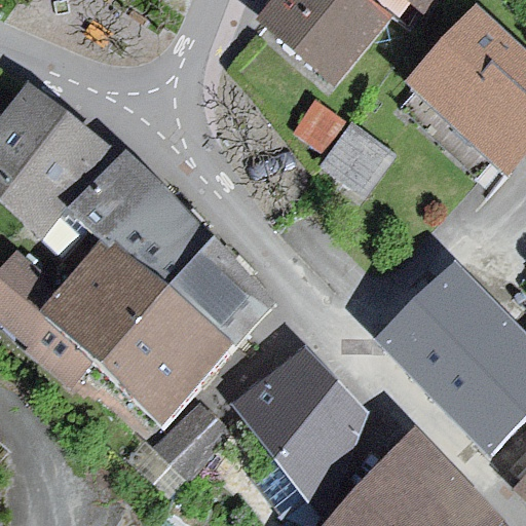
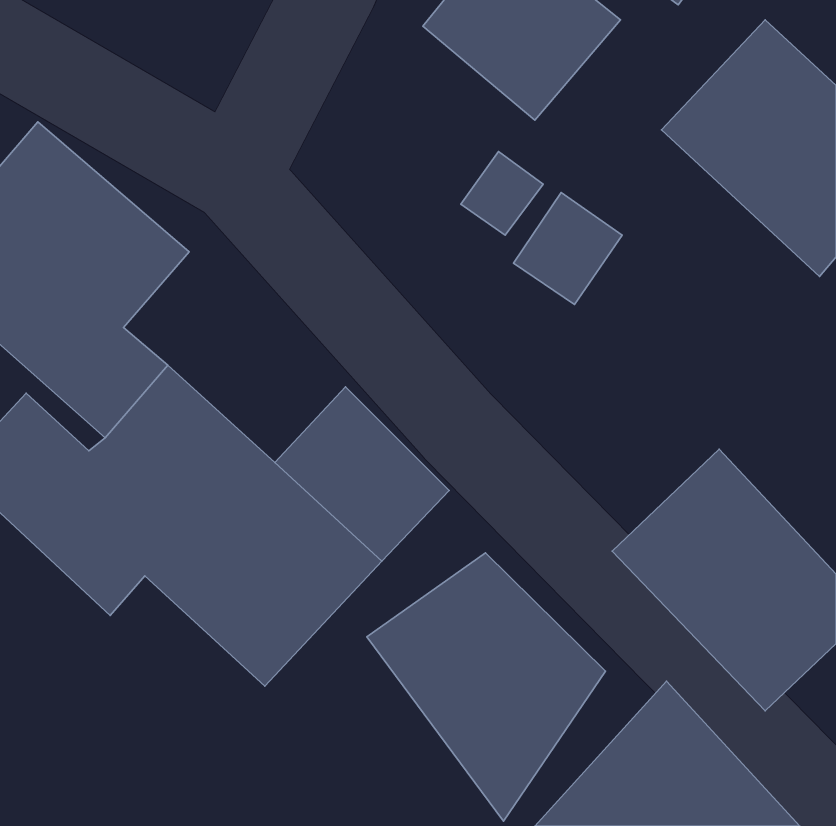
building: [77,157,216,289] -> none

